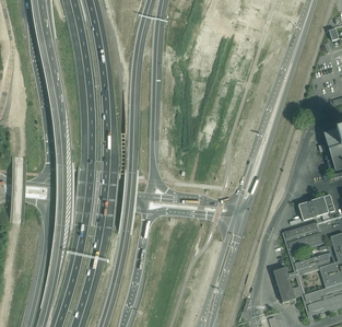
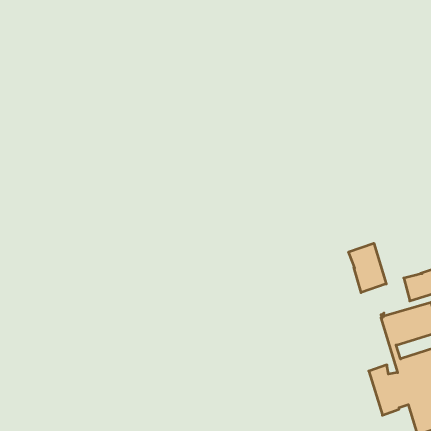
building: none -> [349,243,386,293]

